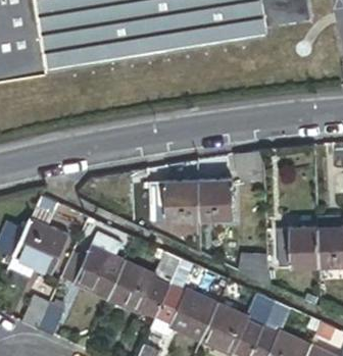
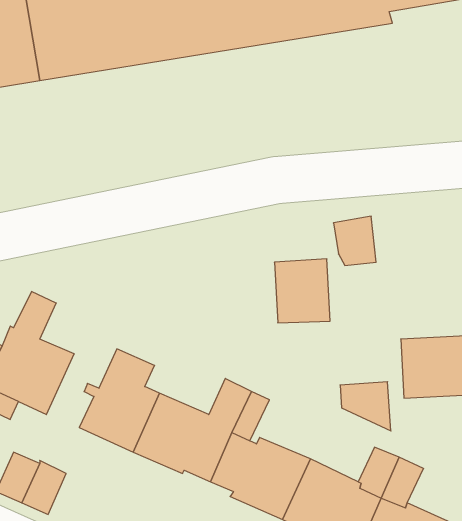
building: [144,181,198,221] -> none

